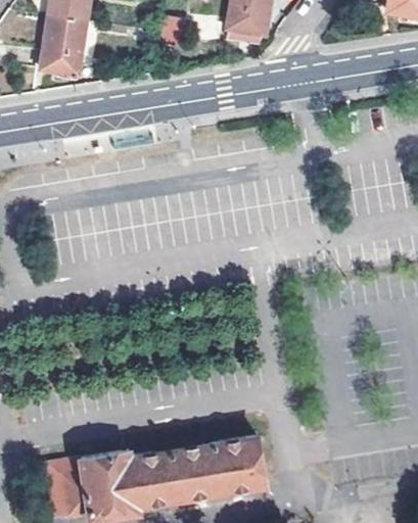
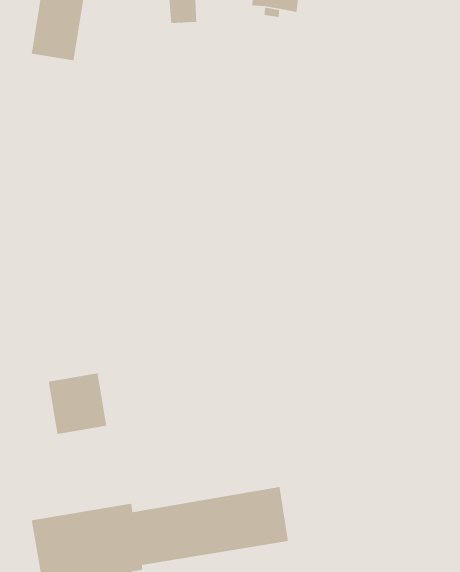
building: none -> [48,373,107,435]

